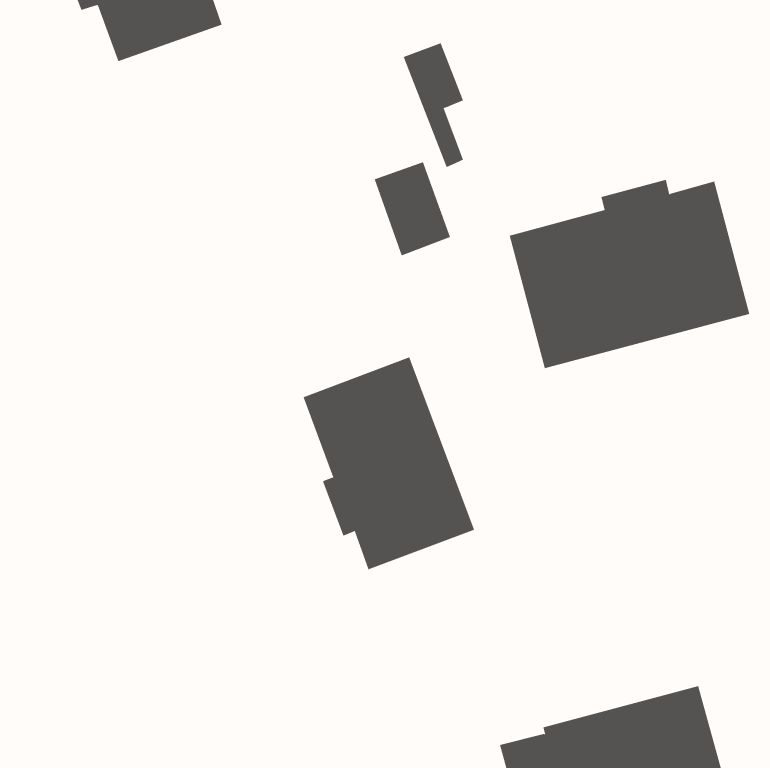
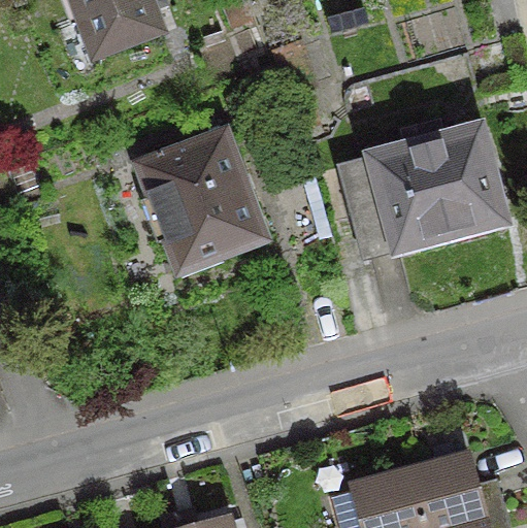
building: none -> [141,133,265,269]
building: [303,357,475,570] -> none

